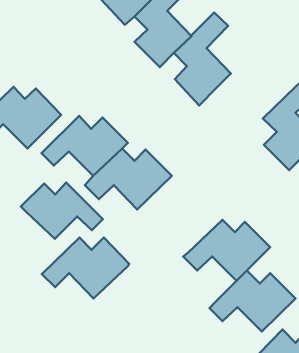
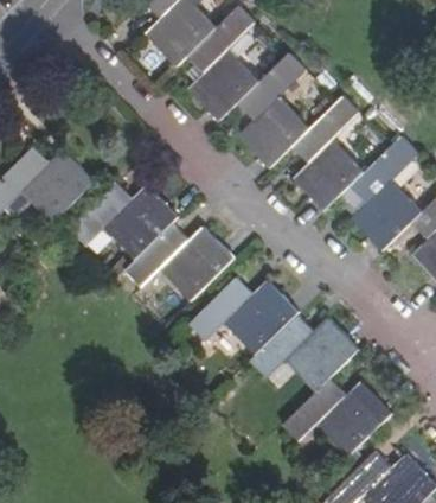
building: none -> [291,95,364,210]
building: [21,182,103,239] -> none
building: [42,238,129,299] -> [190,278,300,355]

